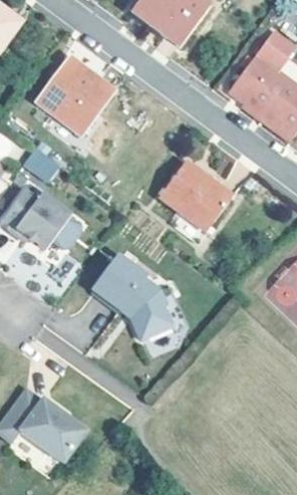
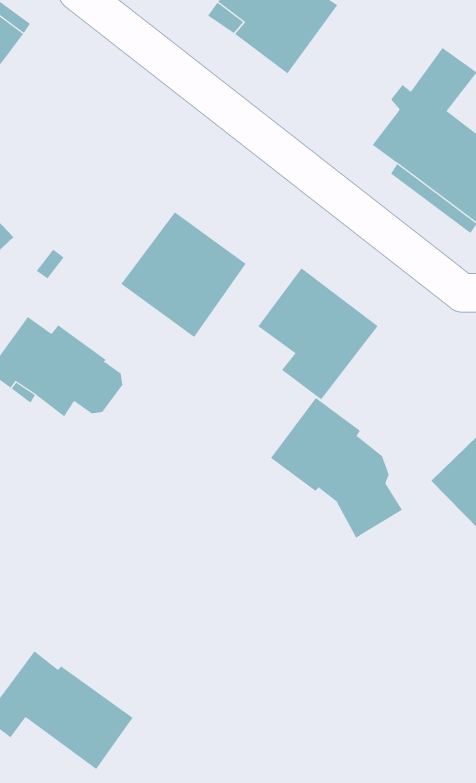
building: [37,58,112,134] -> [121,212,247,338]
building: [92,254,172,338] -> [270,397,403,538]

